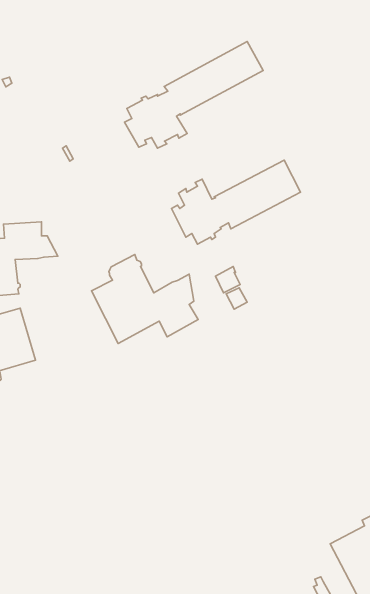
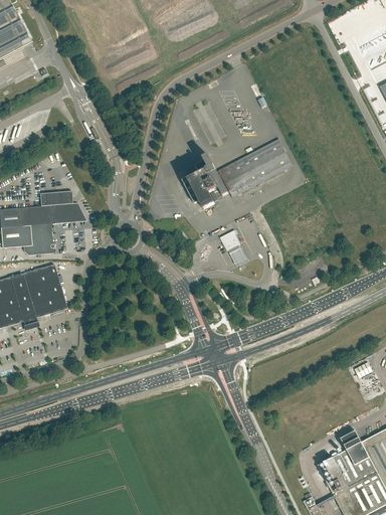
building: [124,42,263,148] -> none
building: [92,254,198,344] -> none

